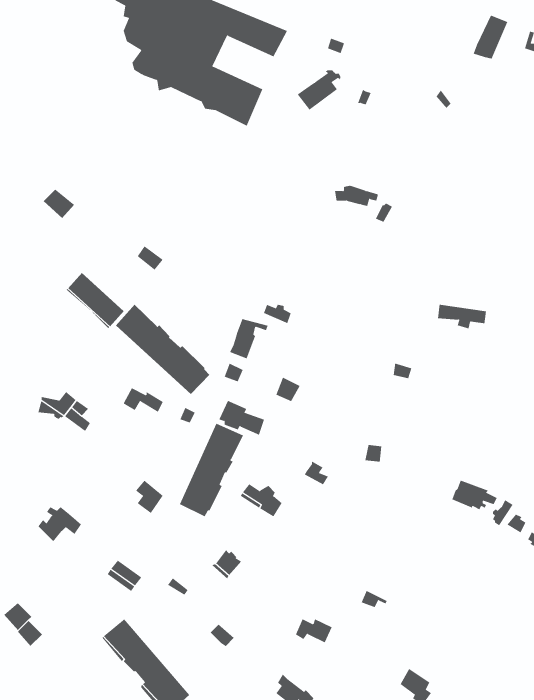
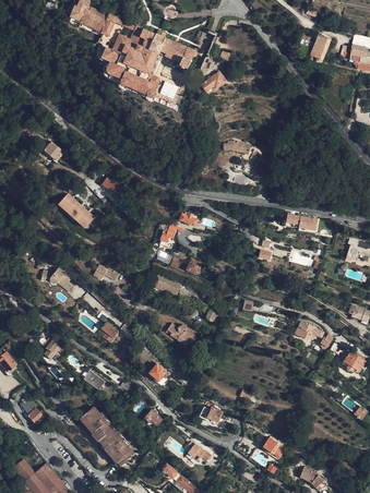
building: [115,304,210,395] -> none
building: [179,423,244,517] -> none

